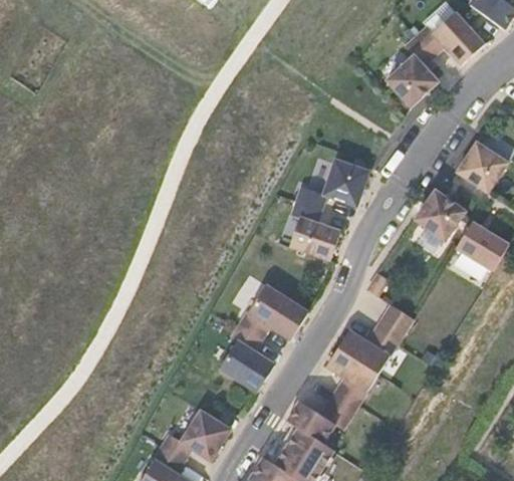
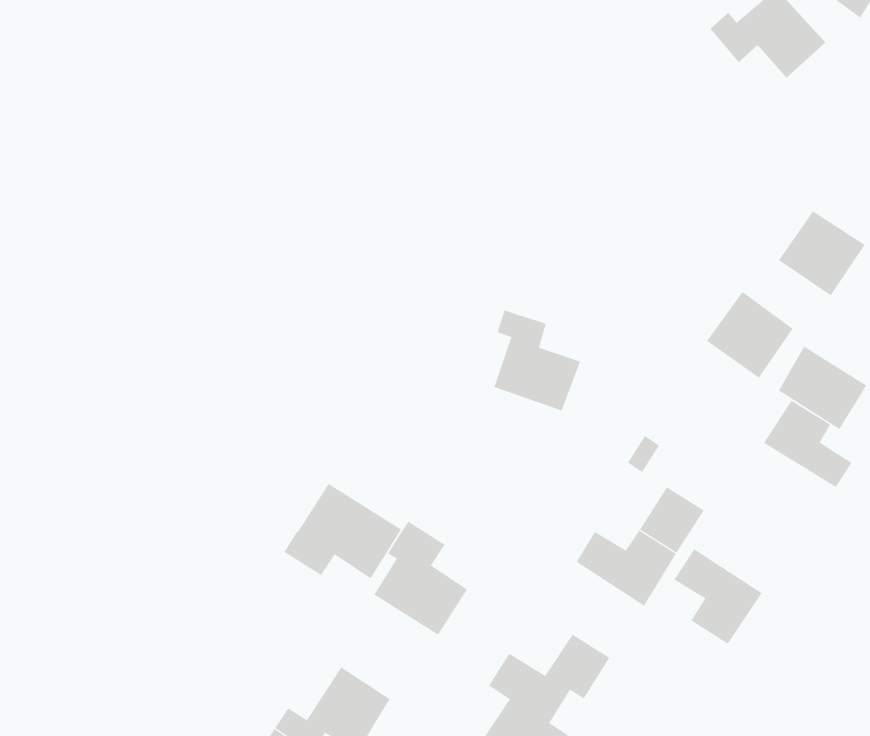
building: [386,35,437,105] -> none
building: [295,159,368,208] -> none
building: none -> [763,400,852,488]
building: [239,283,308,339] -> [284,483,402,579]
building: [325,347,377,404] -> [673,549,763,645]

